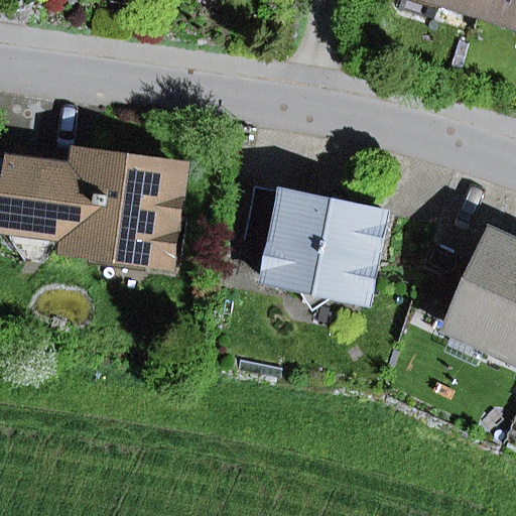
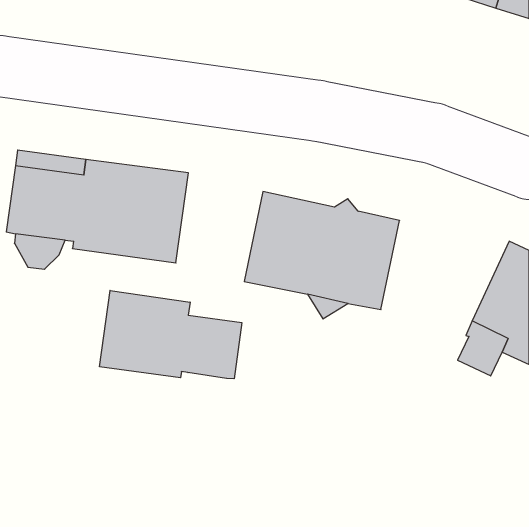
building: none -> [100,290,242,379]

